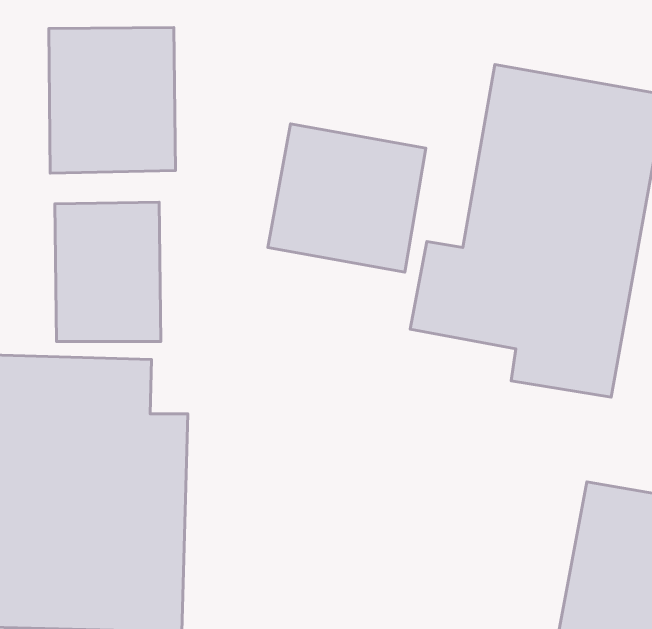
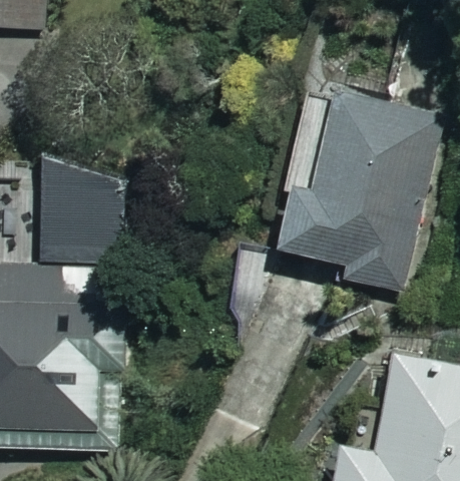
building: [49,27,176,173] -> none
building: [268,124,426,272] -> none

